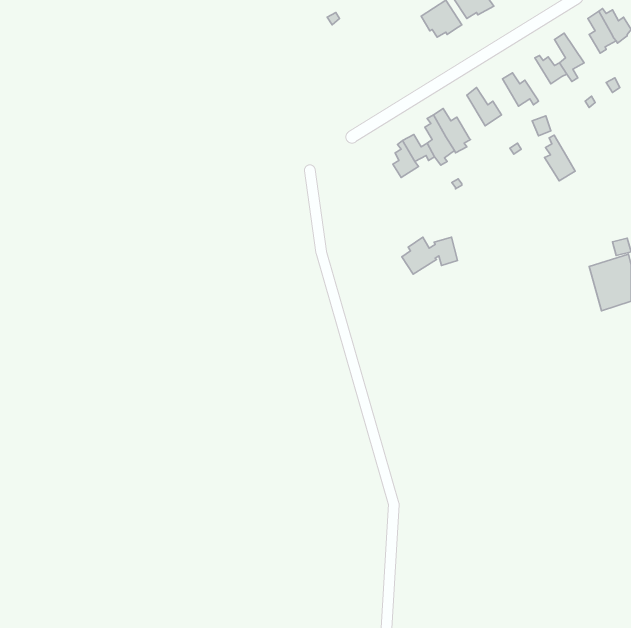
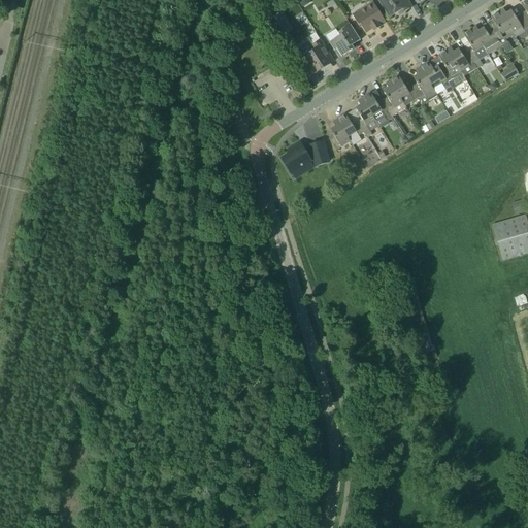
building: none -> [329,24,360,55]
building: none -> [471,25,501,53]
building: none -> [302,38,334,71]
building: none -> [438,48,462,82]
building: none -> [382,79,406,116]
building: [544,135,575,181] -> [411,66,437,104]
building: [402,237,458,274] -> [283,140,329,171]

